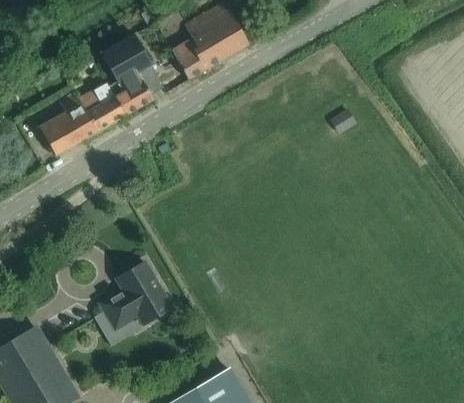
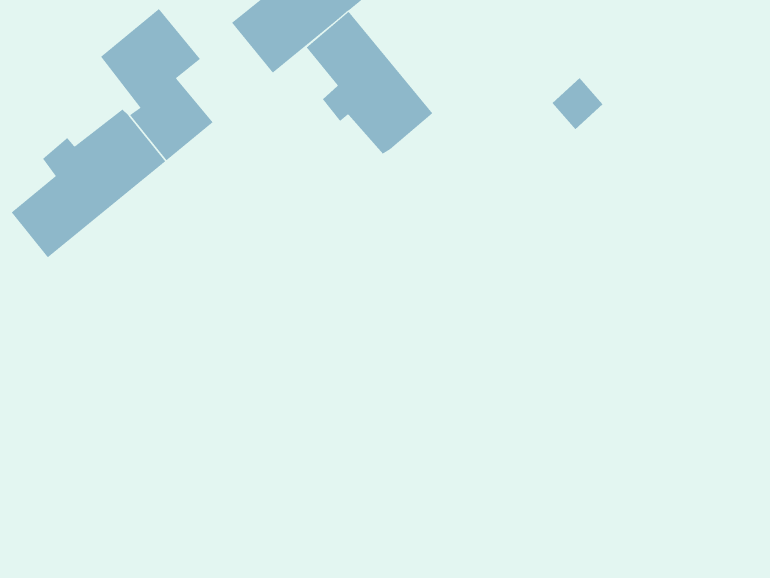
building: none -> [306,11,433,155]
building: [99,262,172,329] -> none

